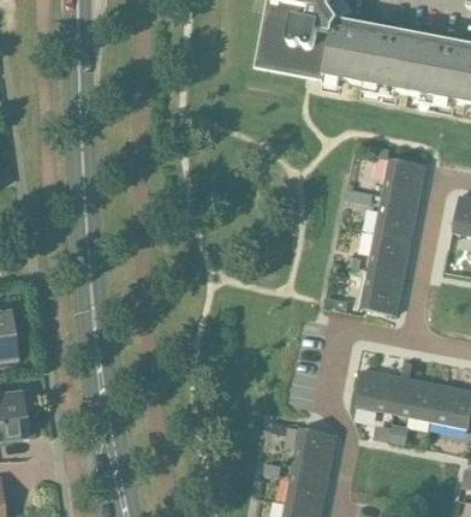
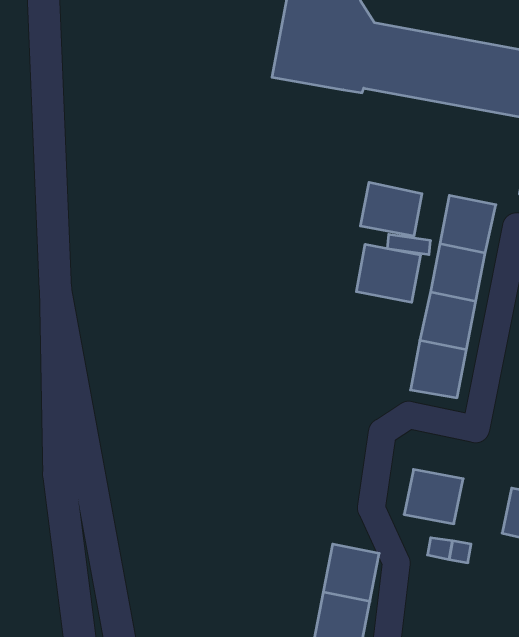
building: none -> [360,182,422,236]
building: none -> [356,244,420,302]
building: [394,376,439,418] -> none

